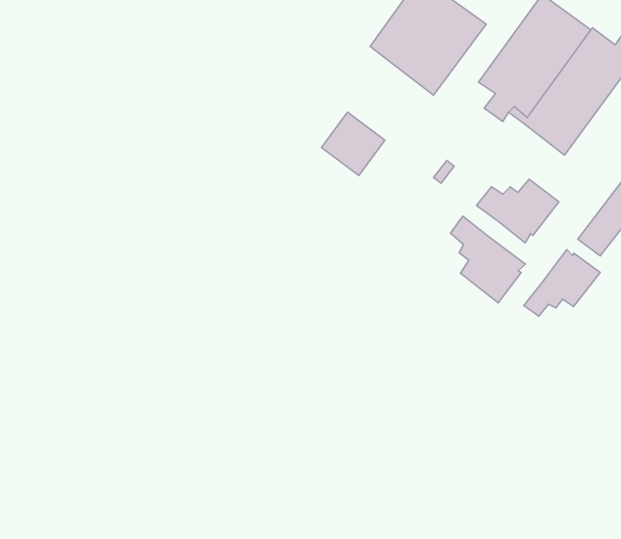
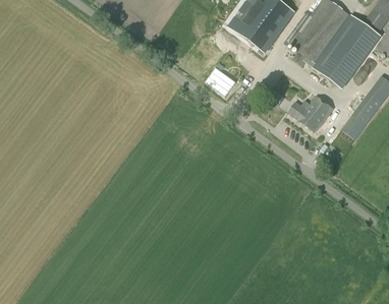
building: [450,216,525,303] -> none
building: [524,249,600,316] -> none

